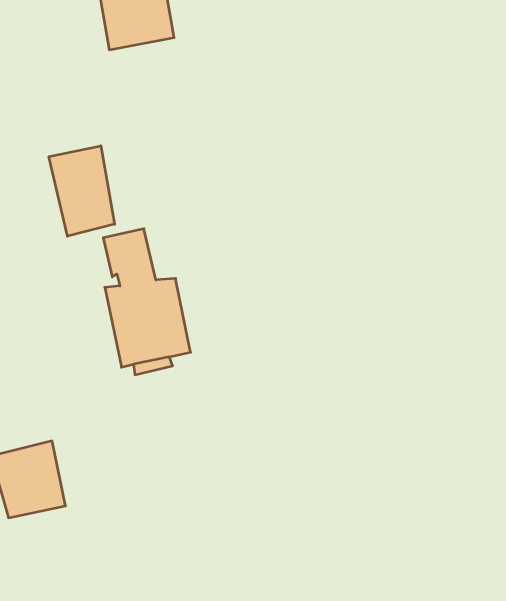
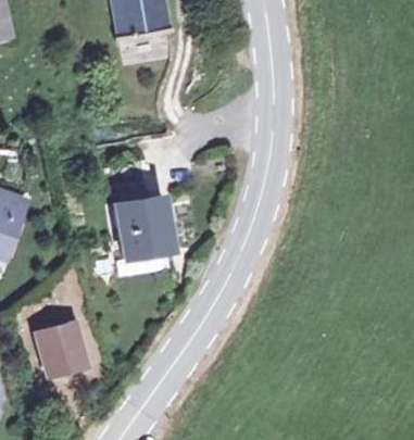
building: [49,146,115,236] -> none

